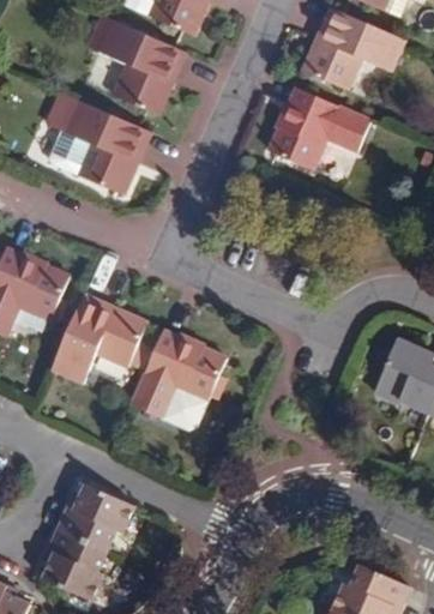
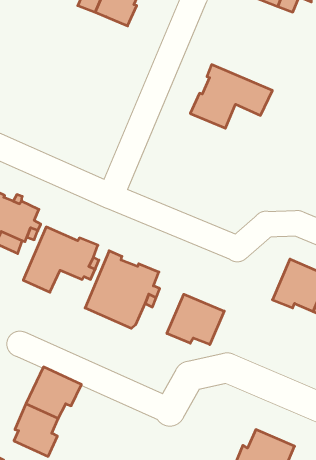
building: [303,10,410,91] -> none
building: [91,22,177,115] -> none
building: [49,100,145,193] -> none
building: none -> [167,294,224,345]

